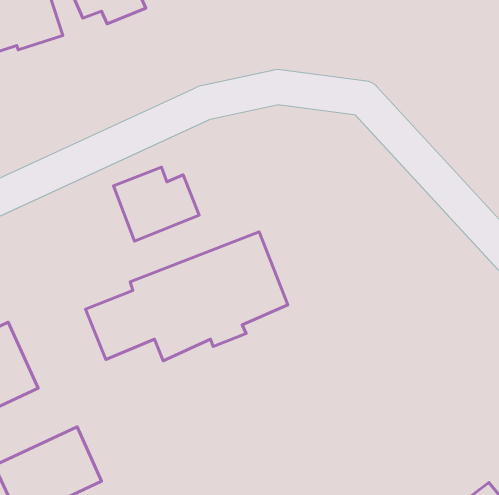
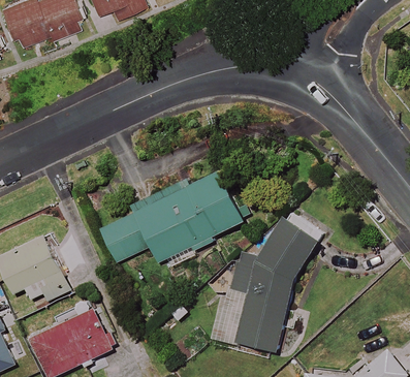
building: [113,167,199,241] -> none
building: none -> [209,210,325,352]

